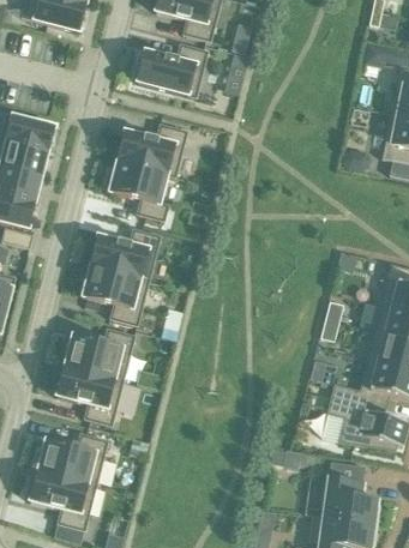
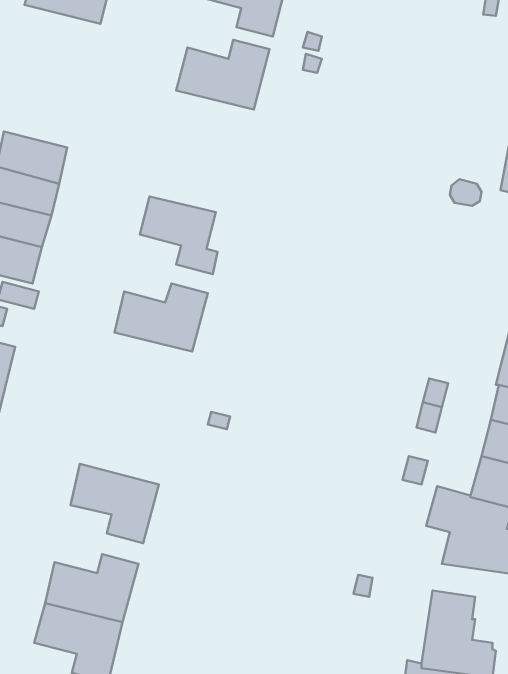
building: [115,122,186,175] -> none
building: [80,264,148,324] -> none
building: [62,326,133,379] -> none

